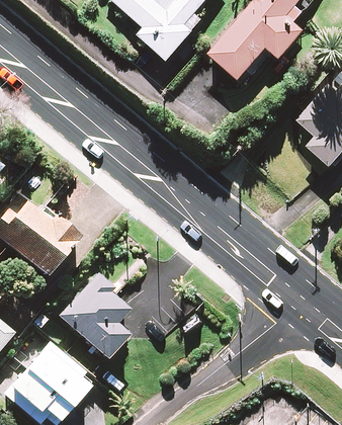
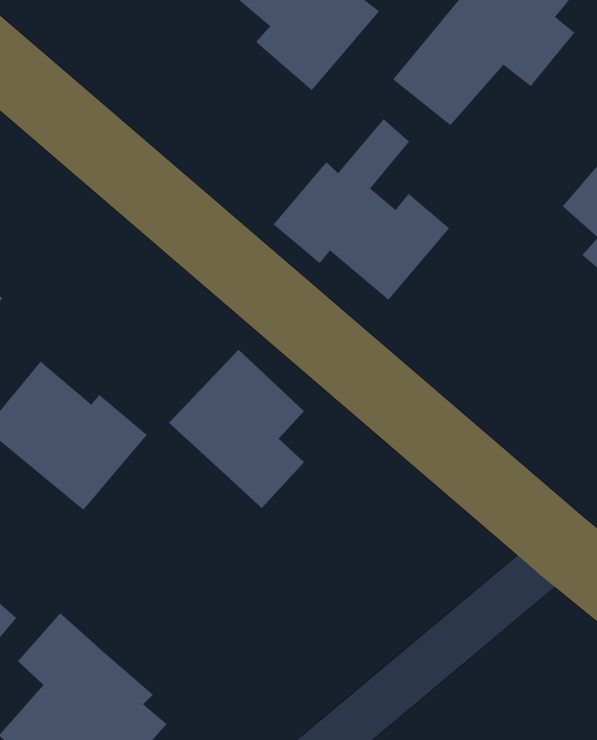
building: none -> [273,118,450,301]
building: [60,276,131,359] -> [168,349,305,509]

